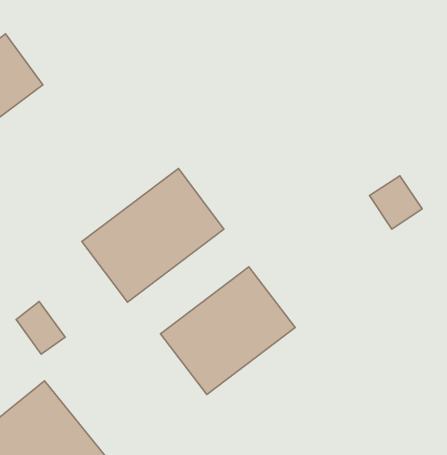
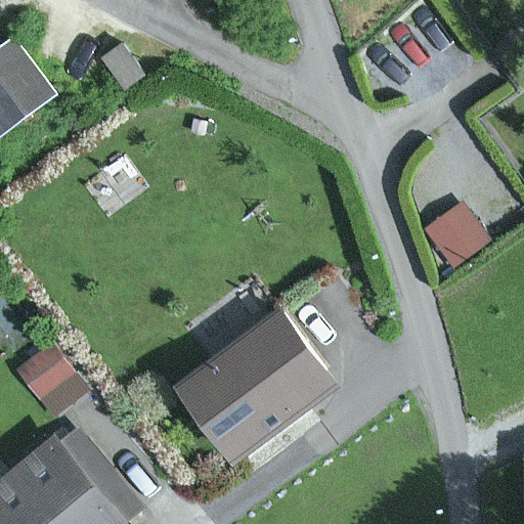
building: [82,168,224,302] -> none

